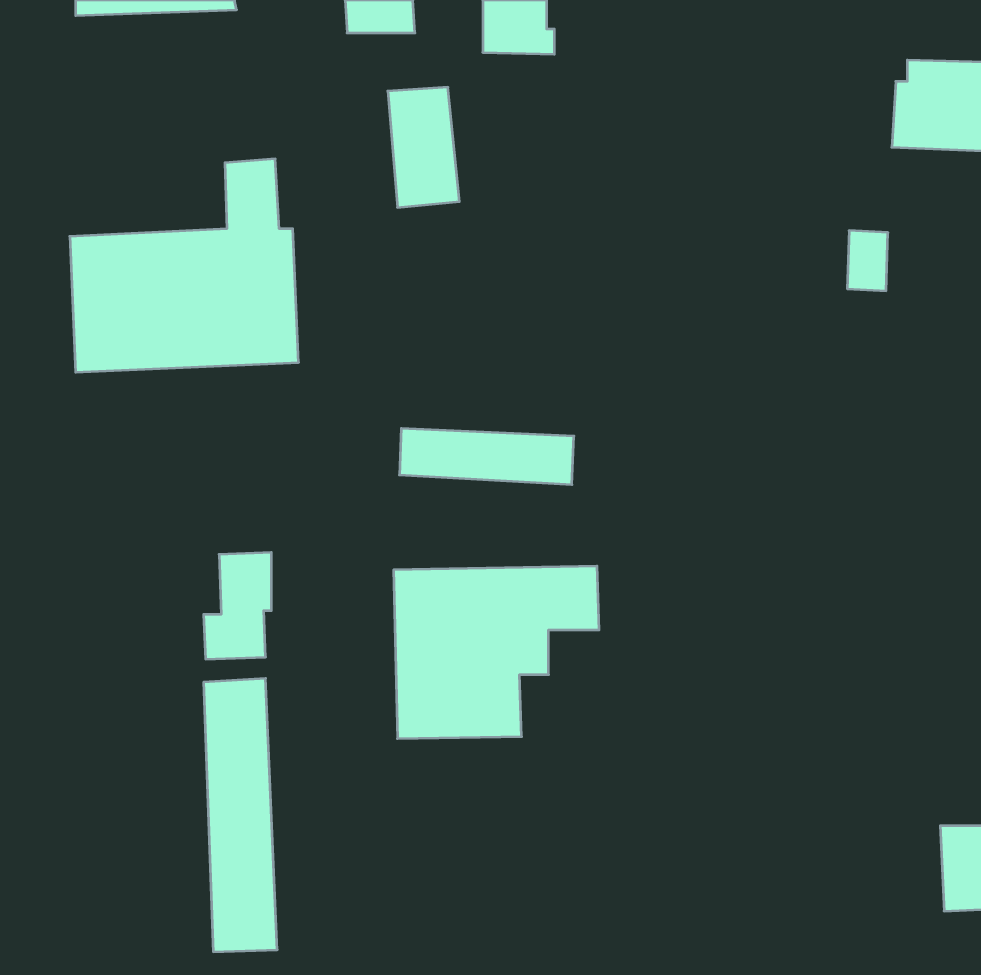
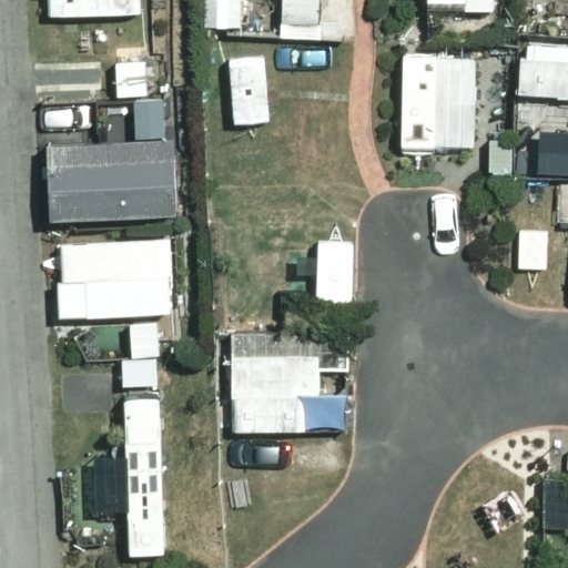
building: none -> [402,53,477,150]
building: none -> [61,242,172,317]

